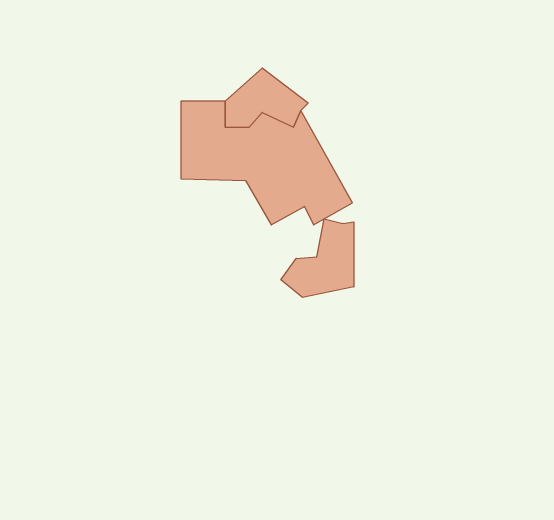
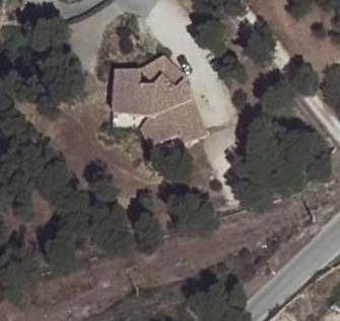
building: [281,219,354,297] -> none

